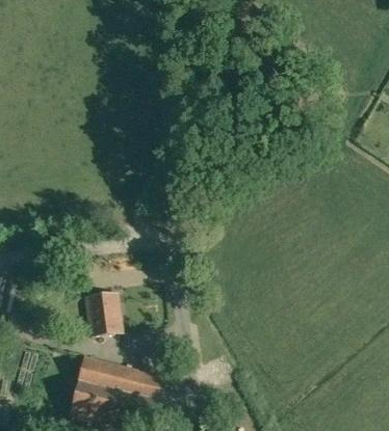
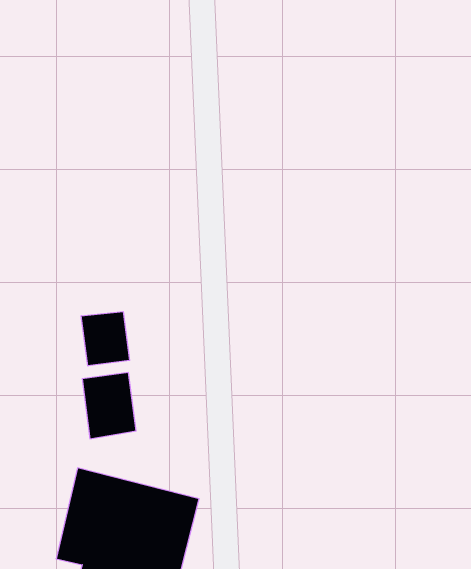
building: none -> [81,312,130,366]

